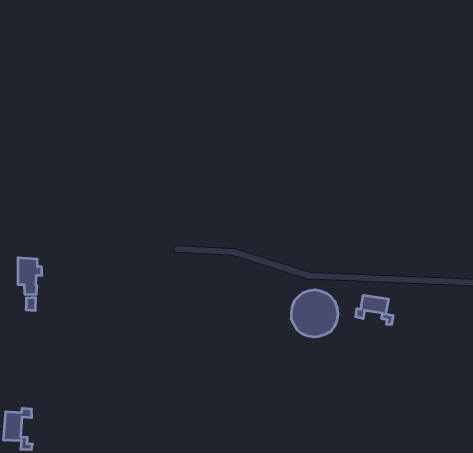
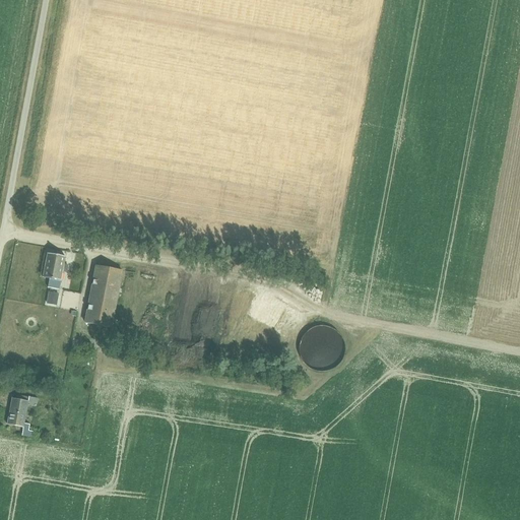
building: none -> [84,264,121,326]
building: [356,295,393,324] -> none

